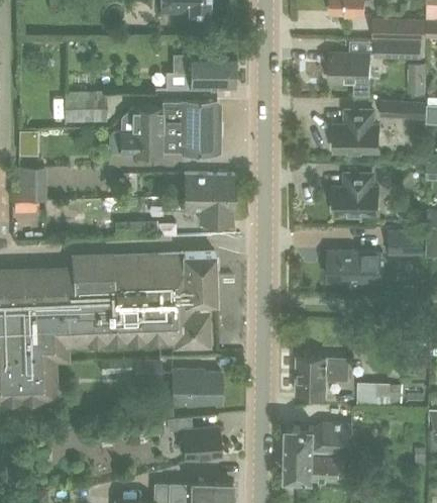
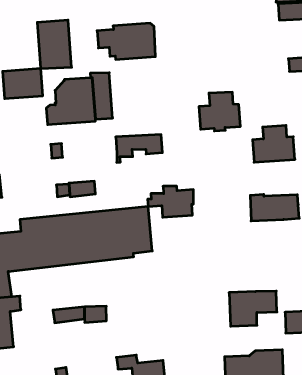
building: [330,51,370,94] -> none
building: [182,102,216,155] -> [37,20,72,69]
building: [335,110,379,153] -> [199,92,240,131]
building: [183,189,234,223] -> [148,186,193,217]
building: [53,308,206,345] -> none
building: [172,370,220,402] -> none

